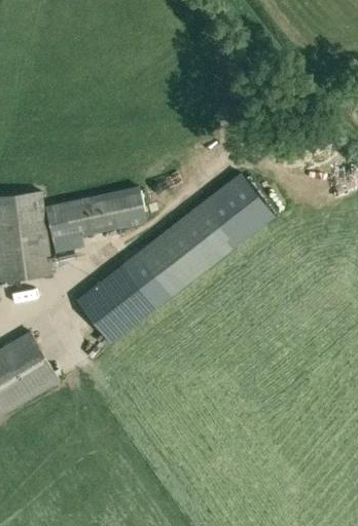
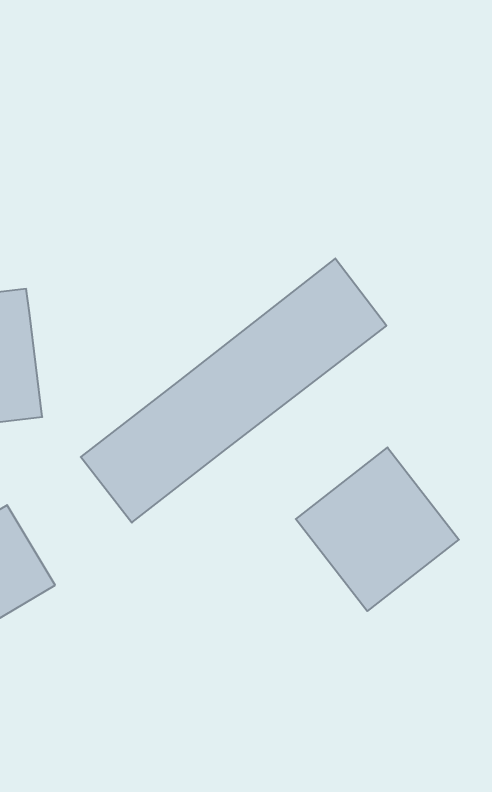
building: [46,188,145,253] -> none
building: none -> [296,447,459,611]

